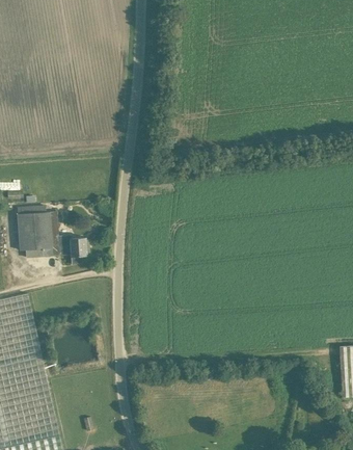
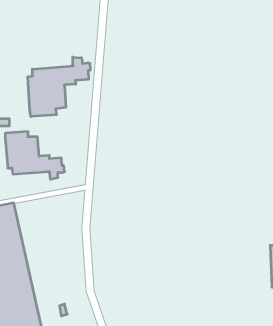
building: none -> [28,57,90,117]

